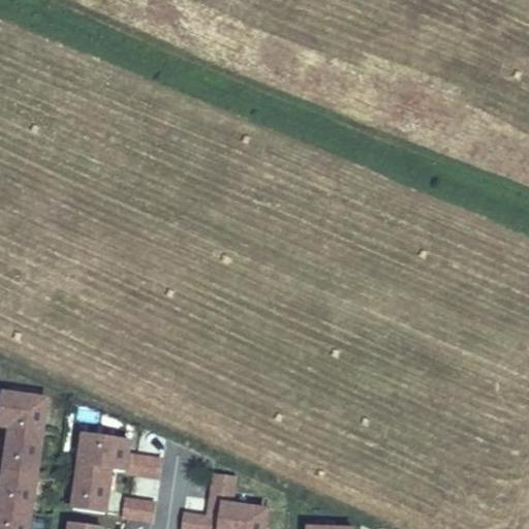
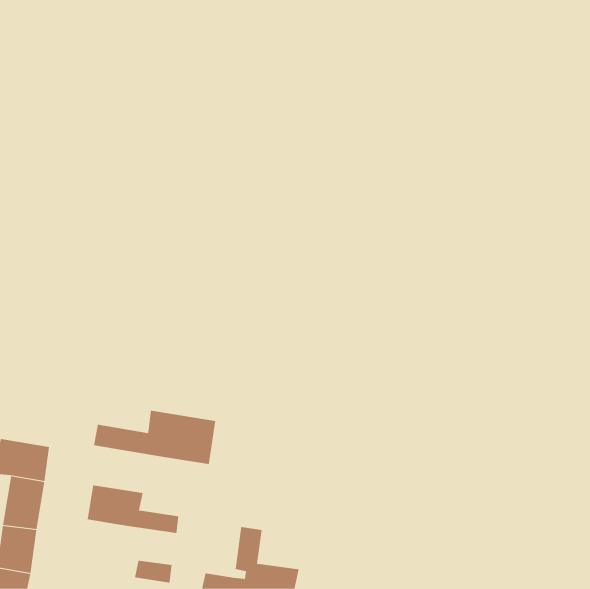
building: none -> [93,410,216,465]
building: [71,464,110,514] -> none

